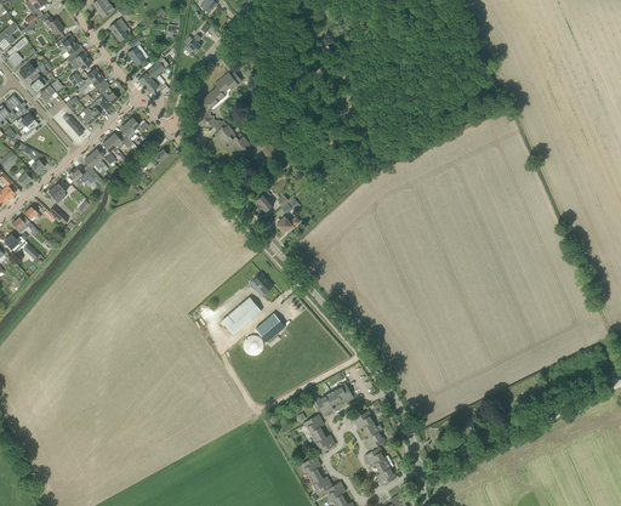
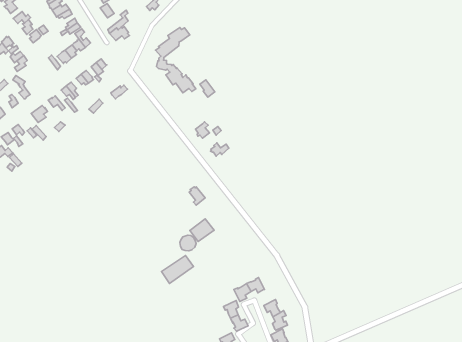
building: [221,297,261,334] -> [161,256,193,284]

